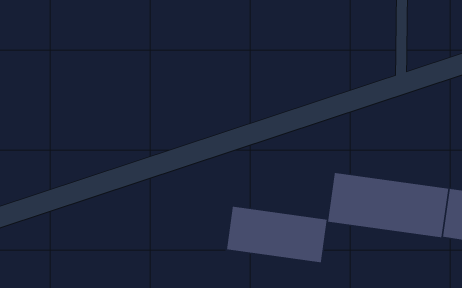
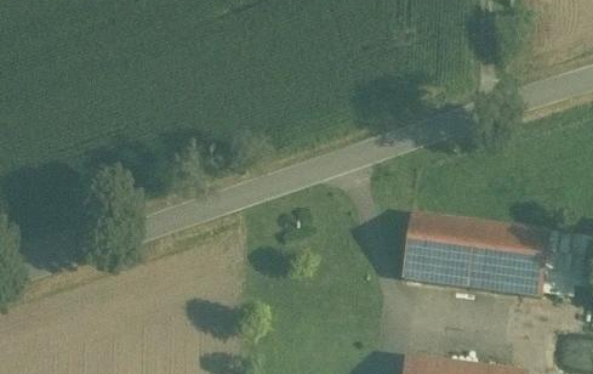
building: [226,206,328,263] -> none

